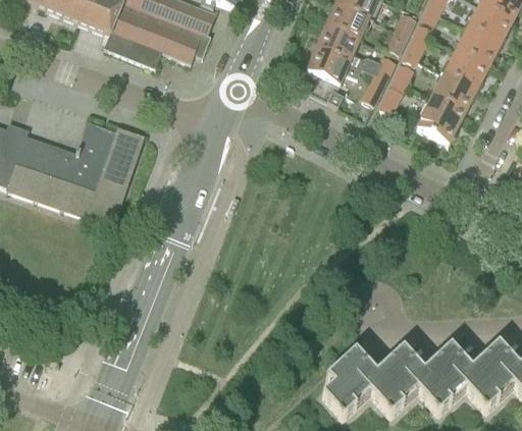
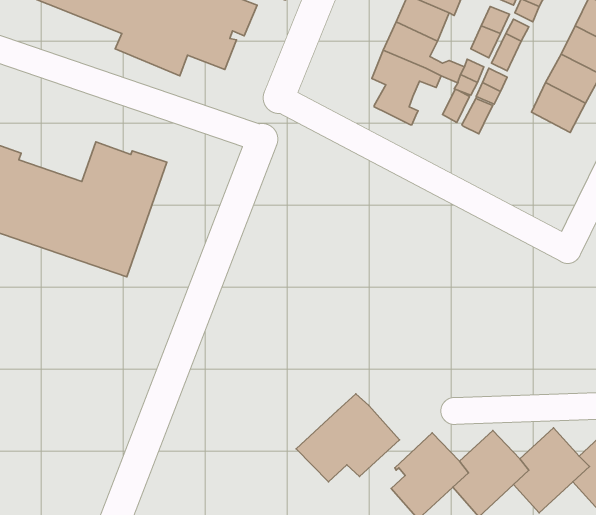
building: [417,96,464,144] -> none
building: none -> [296,394,399,482]

